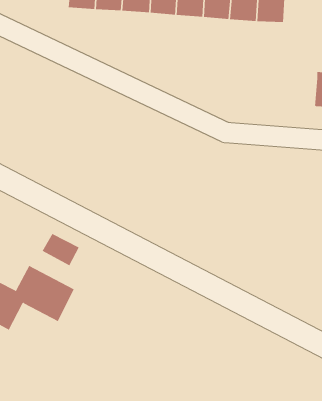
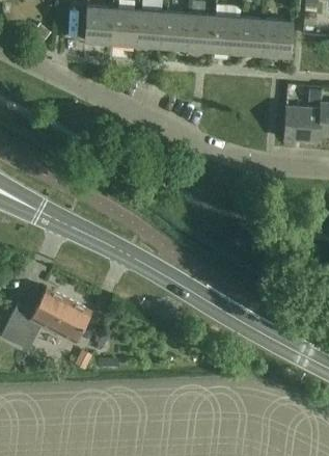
building: none -> [283,106,321,140]
building: [42,233,80,266] -> none

